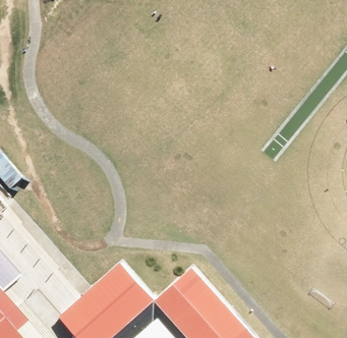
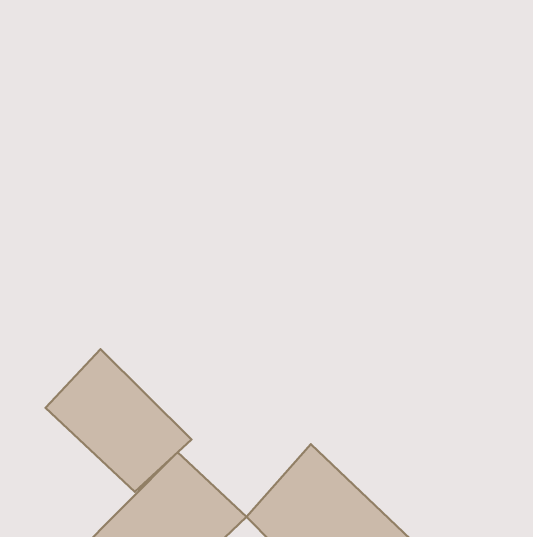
building: none -> [45,349,191,492]

